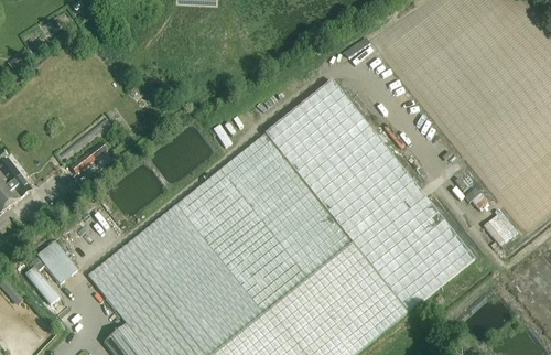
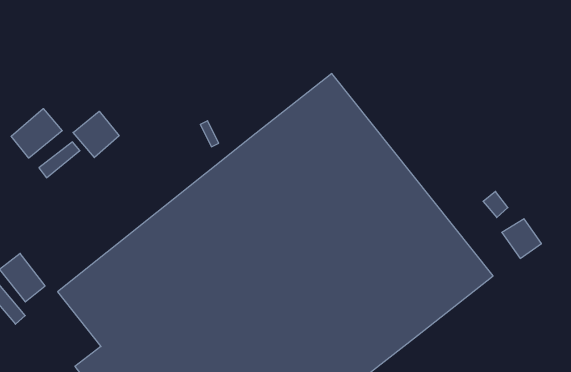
building: none -> [11,109,62,158]
building: none -> [73,111,119,158]

